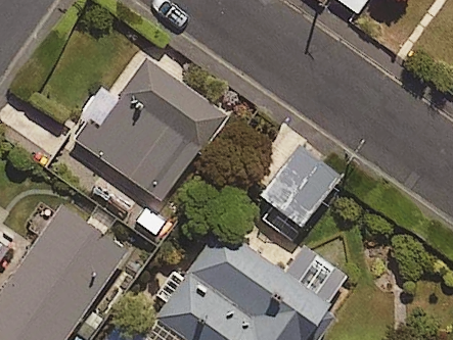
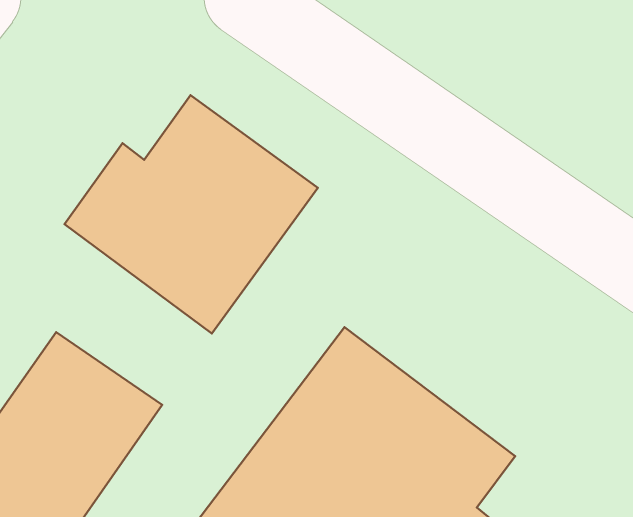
building: [259,141,338,224] -> none

